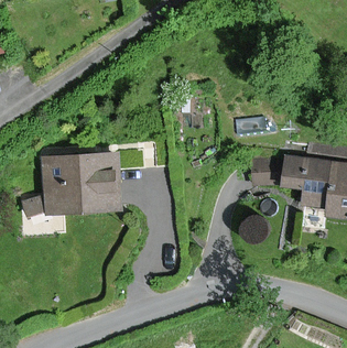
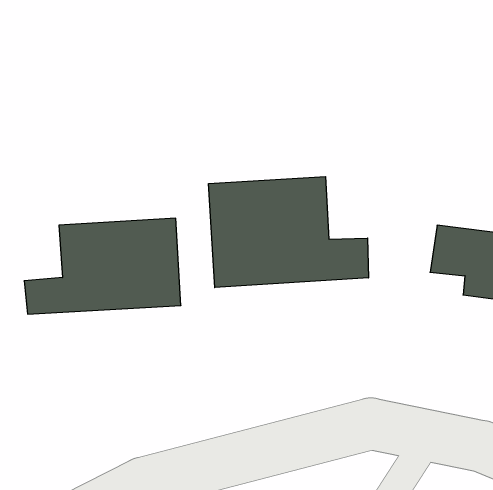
building: none -> [209,177,368,288]

